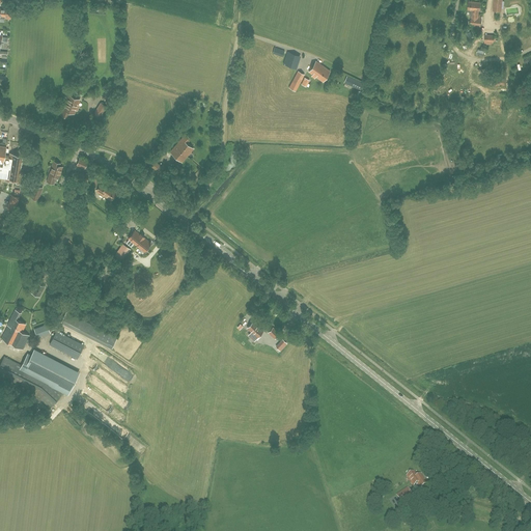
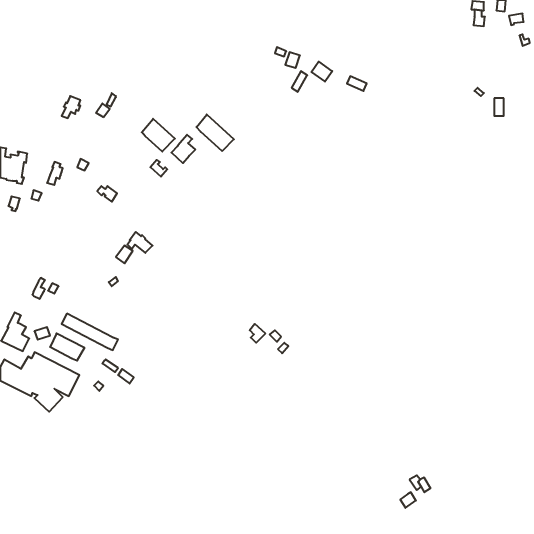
building: none -> [196,114,234,151]
building: none -> [142,119,175,152]

